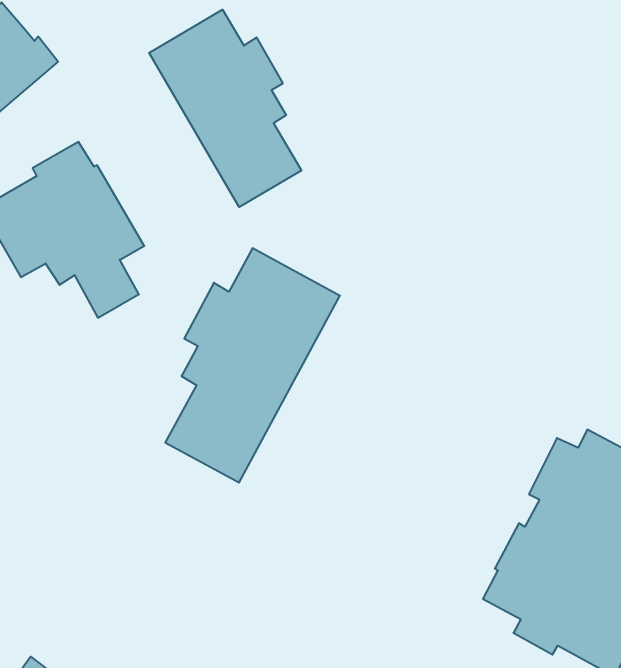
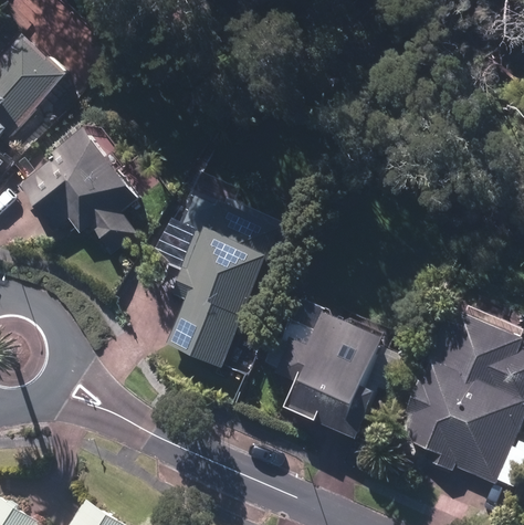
building: [149,10,301,207] -> none
building: none -> [276,309,384,434]

